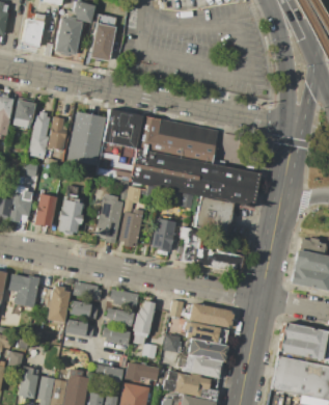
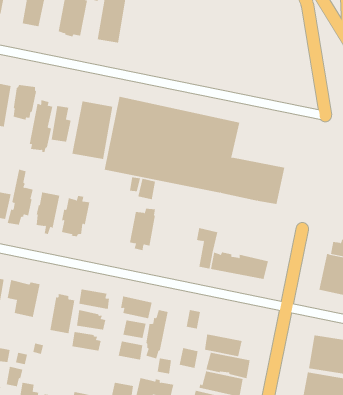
building: [194,195,234,234] -> none
building: [95,200,121,243] -> none
building: [150,218,175,252] -> none
building: [188,302,232,328] -> none

